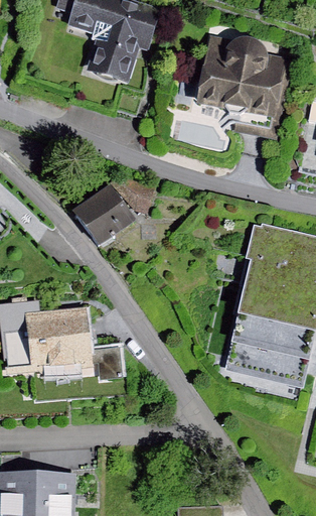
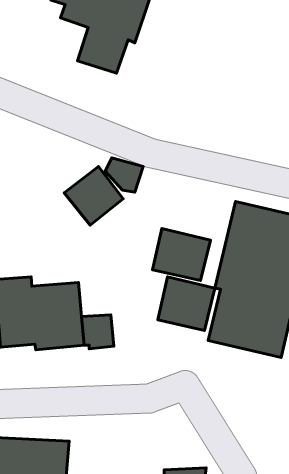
building: [196,34,293,136] -> none
building: none -> [153,228,210,281]
building: none -> [158,277,215,330]

